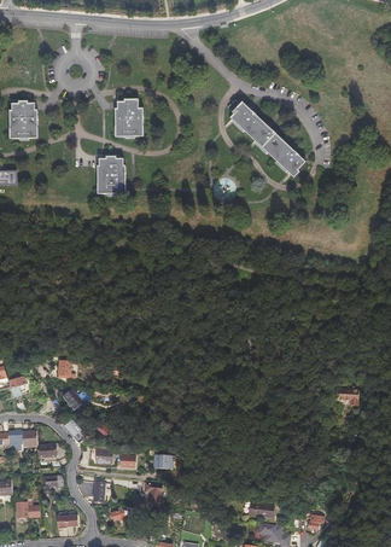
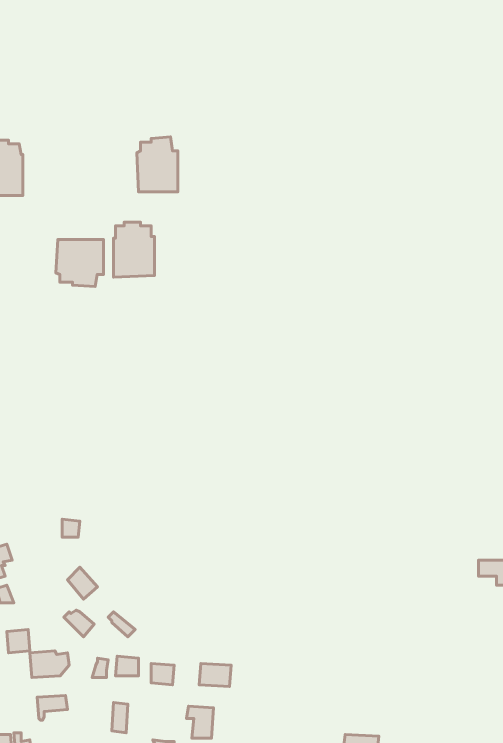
building: [226,99,304,176] -> none
building: none -> [56,240,103,287]

